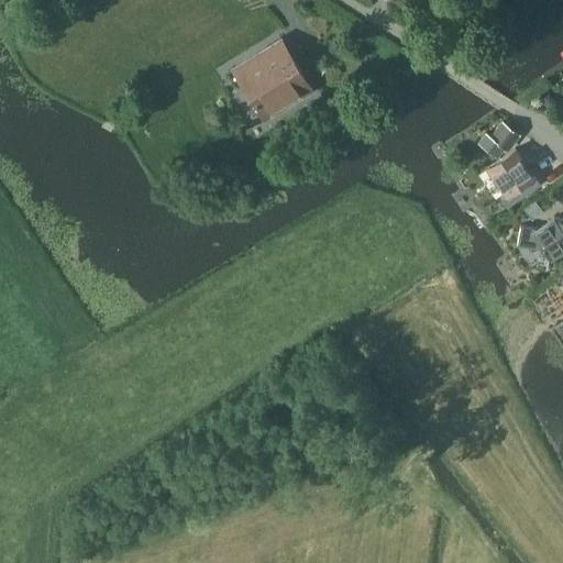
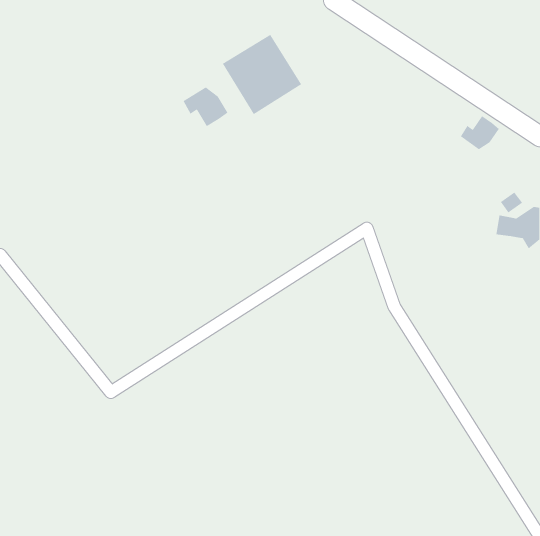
building: none -> [183,87,228,127]
building: [485,150,537,208] -> none

